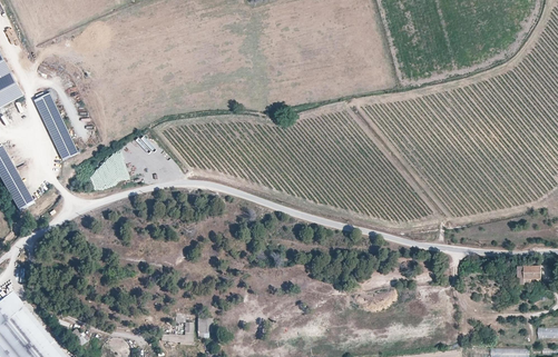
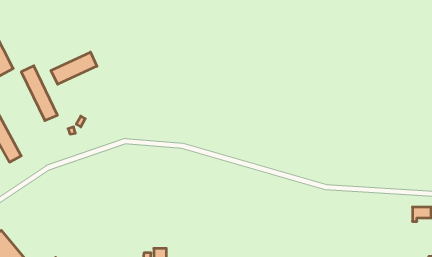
building: none -> [51,52,97,84]

